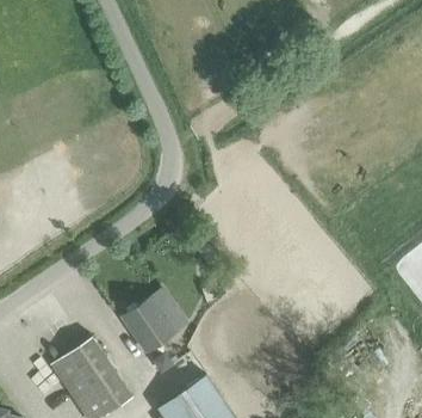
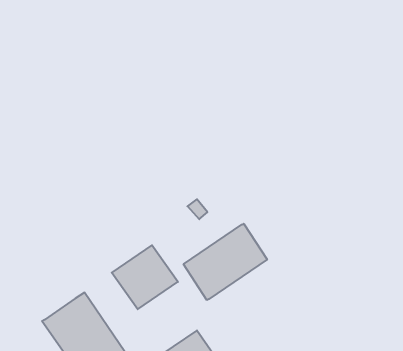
building: none -> [184,224,267,300]

